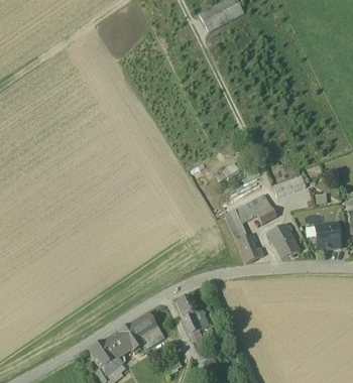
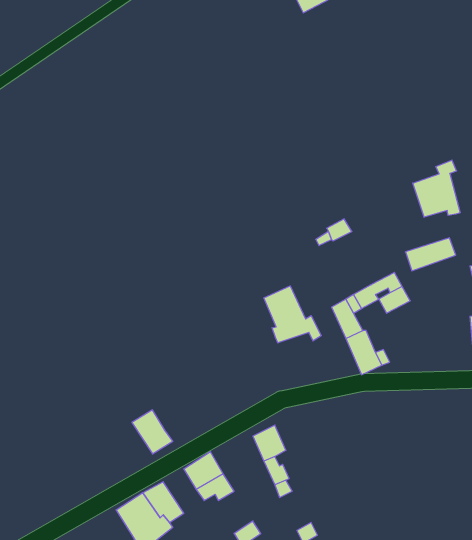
building: none -> [413,160,460,217]
building: none -> [264,286,321,343]
building: [267,223,302,258] -> none
building: [119,324,145,352] -> [132,410,173,454]

